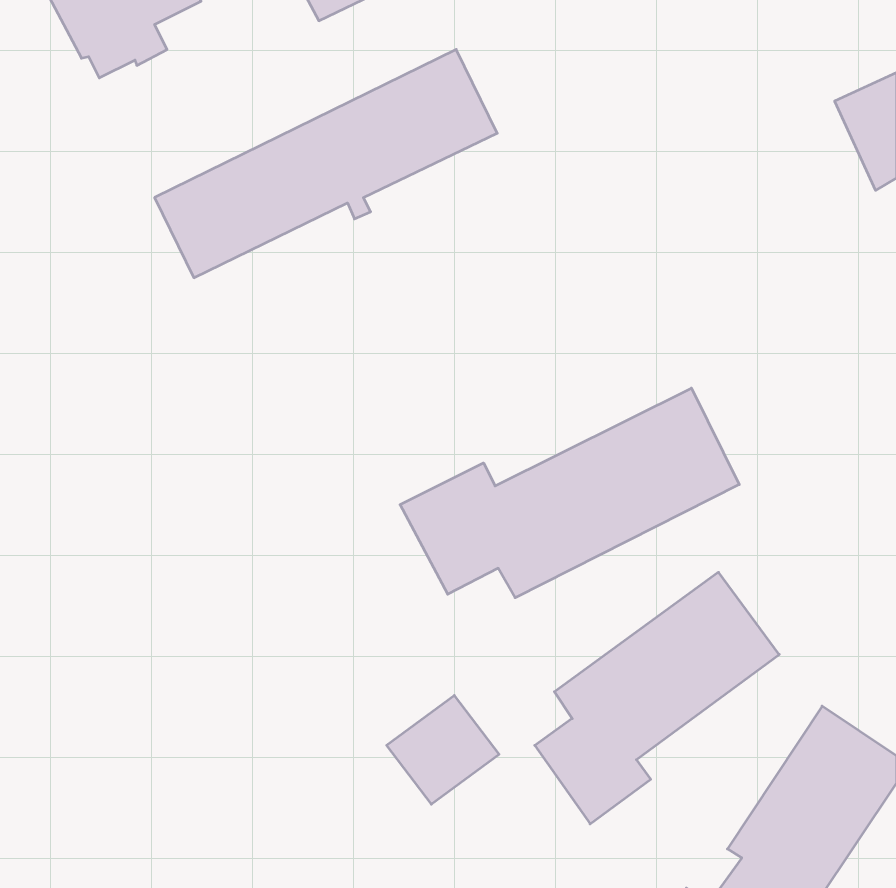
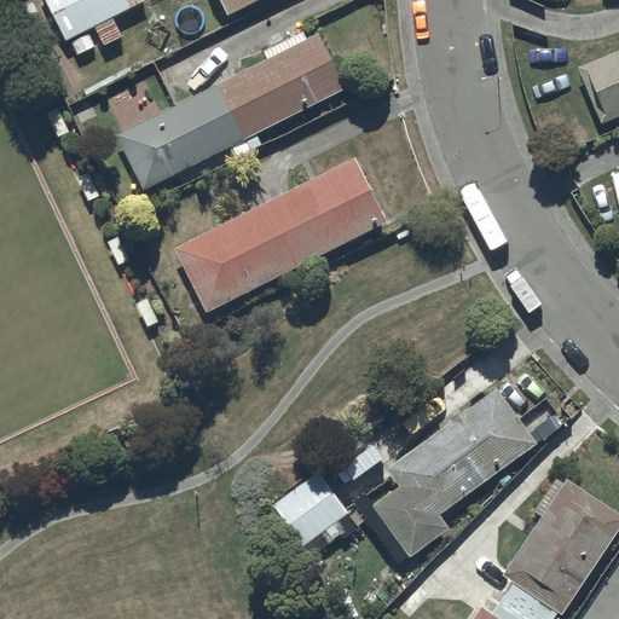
building: none -> [175,158,387,314]
building: [400,388,739,598] -> none

